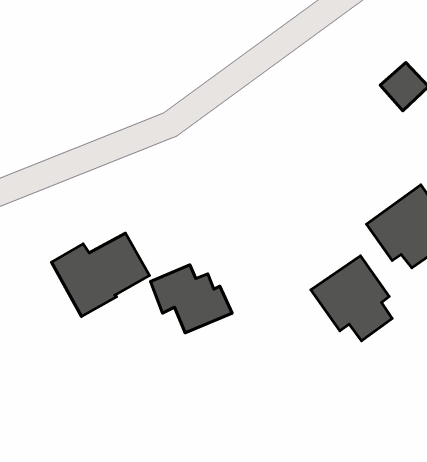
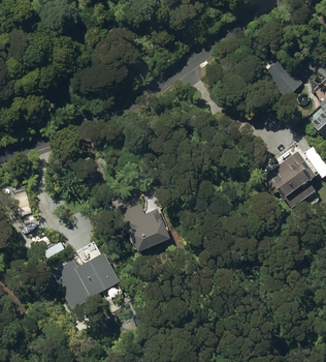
building: [51,233,150,316] -> [52,252,119,309]
building: [311,256,392,341] -> none

